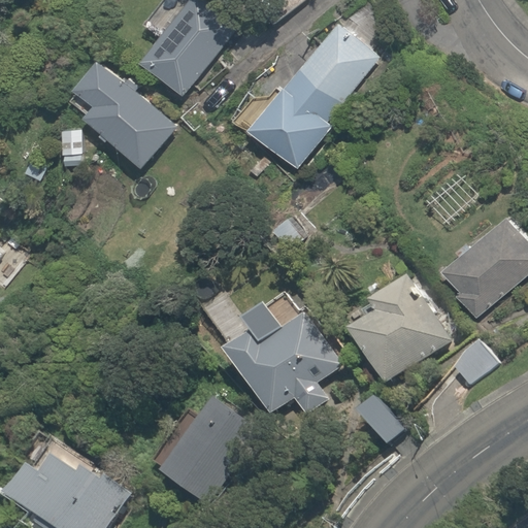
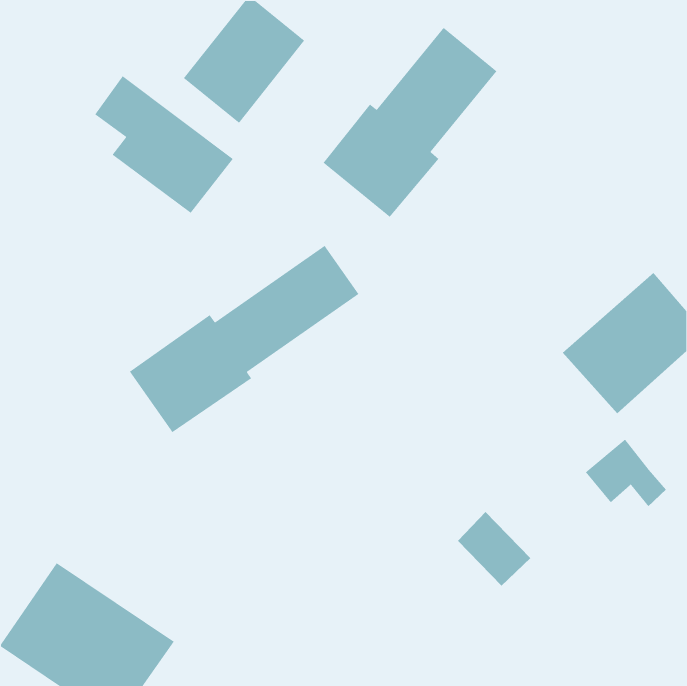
building: none -> [129,245,360,433]
building: [338,273,450,386] -> none
building: [223,310,340,420] -> none
building: [155,399,257,506] -> none

